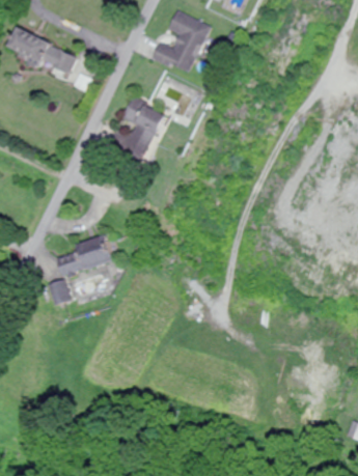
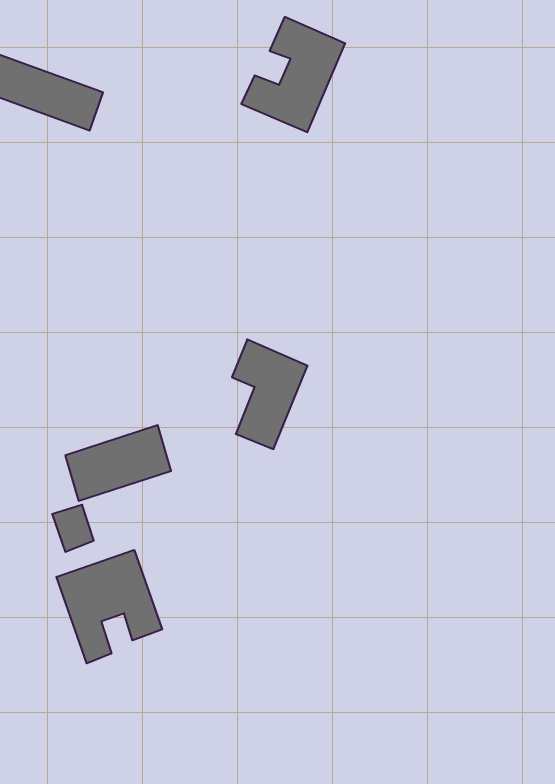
building: [122,99,164,159] -> [232,339,308,449]
building: none -> [56,550,162,663]

